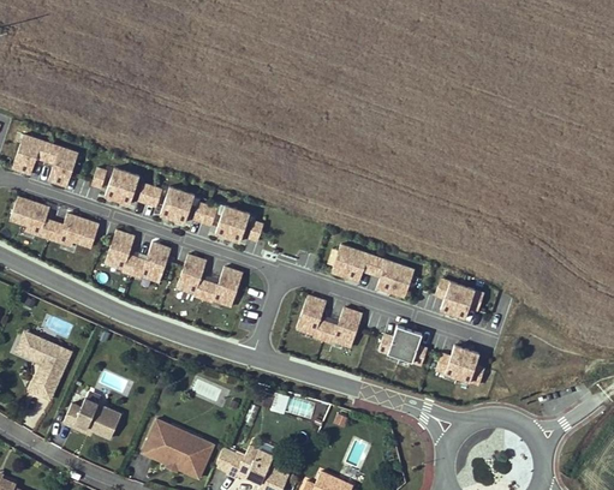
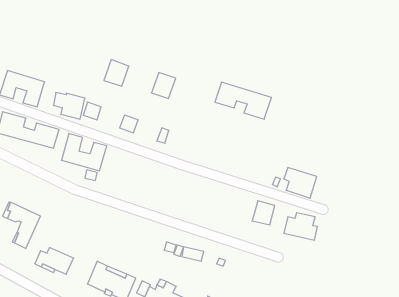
building: [157,186,195,226] -> [104,60,129,86]
building: [214,205,250,244] -> [151,73,176,99]
building: [330,245,415,300] -> [215,82,271,119]
building: [175,253,243,309] -> none
building: [294,293,363,349] -> none

